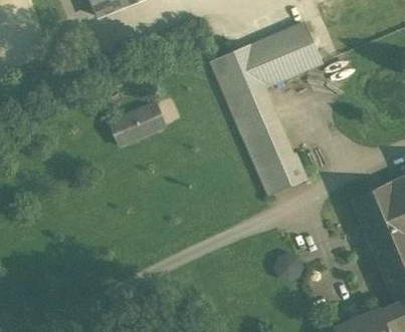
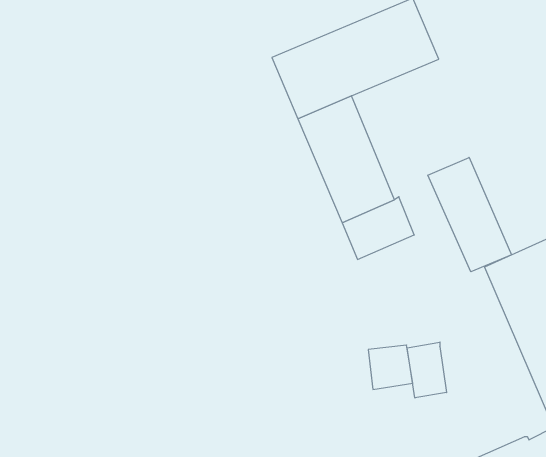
building: [109,101,165,144] -> none
building: none -> [428,157,511,272]
building: none -> [407,342,447,398]

